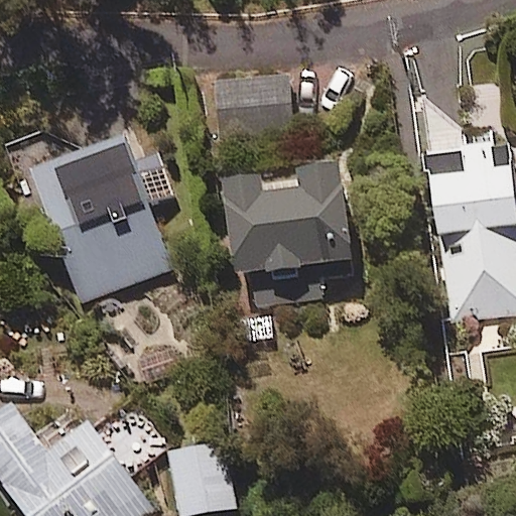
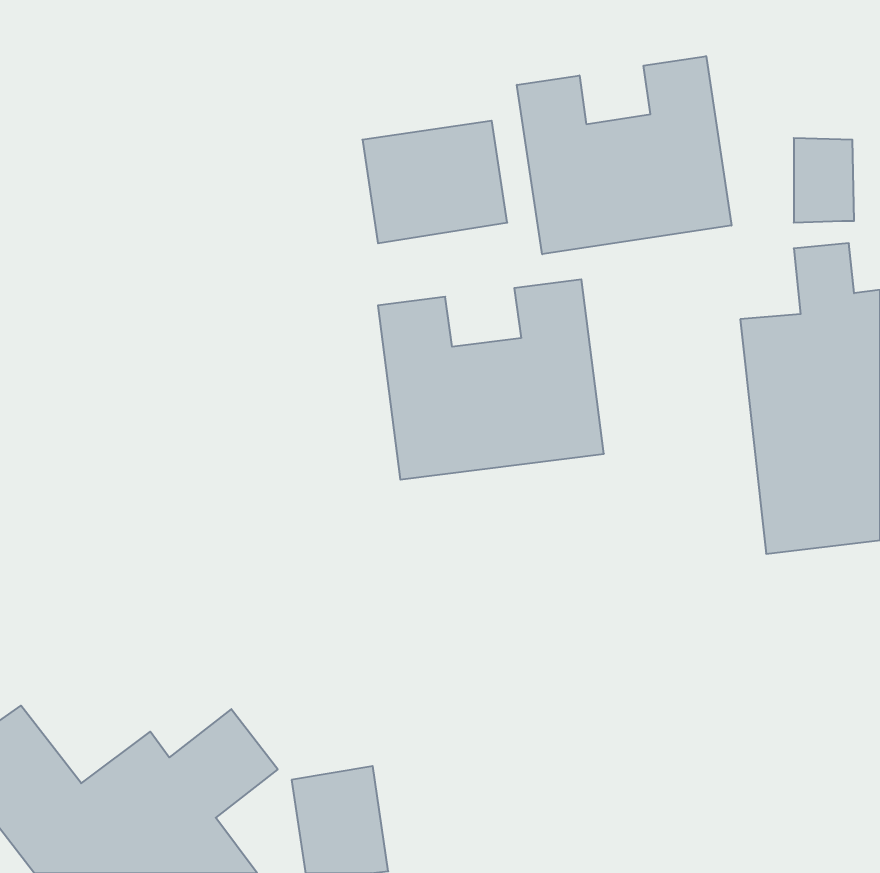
building: none -> [517,56,731,254]
building: [32,138,174,302] -> none

